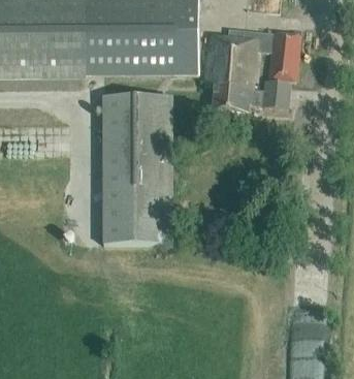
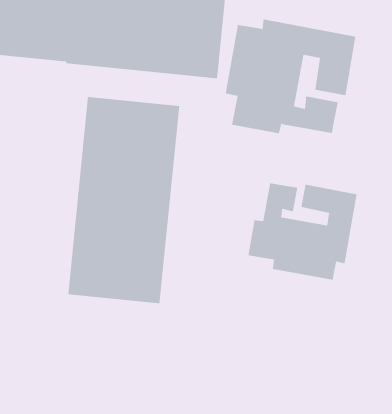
building: none -> [248,182,357,280]

